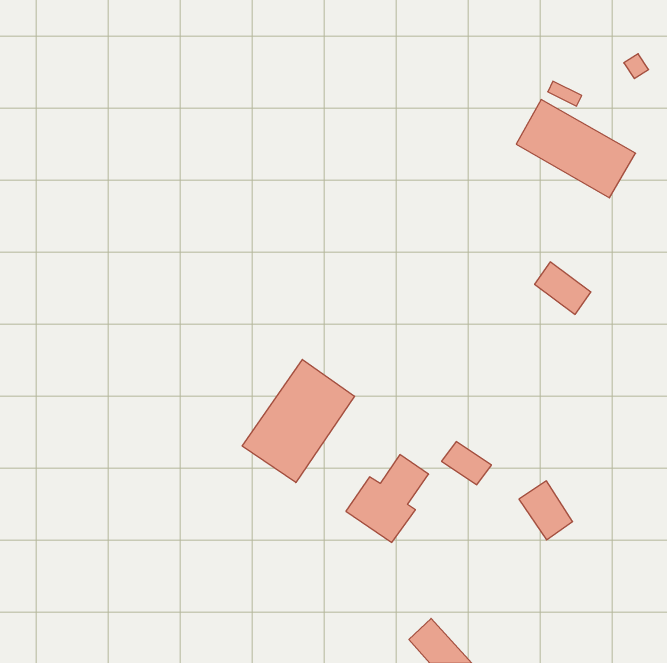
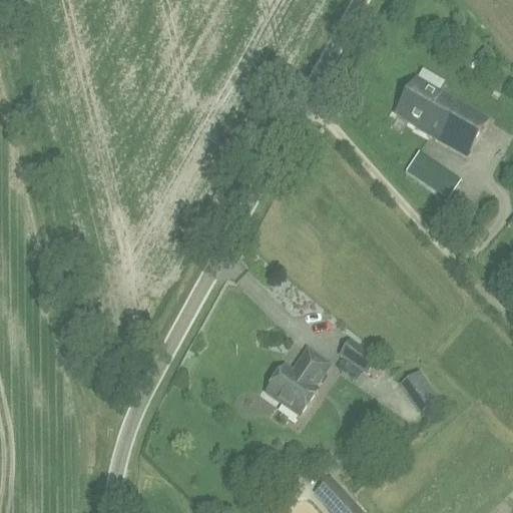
building: [535,262,591,314] -> [405,149,448,189]
building: [242,359,355,483] -> none

